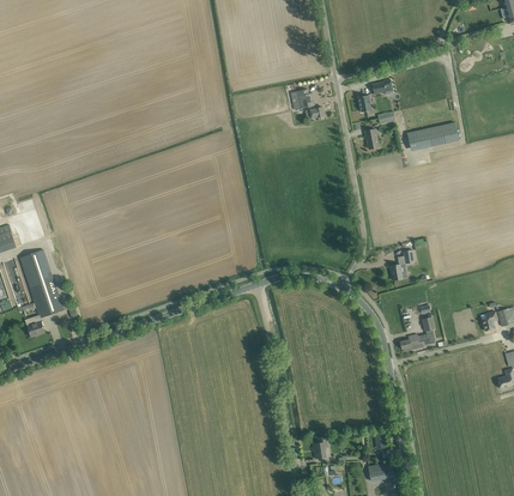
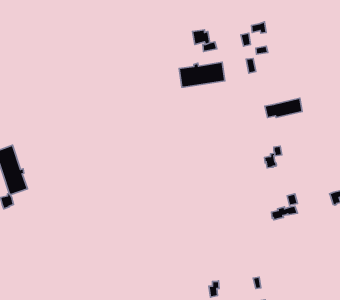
building: [407,121,459,147] -> [265,98,302,117]
building: none -> [179,62,225,87]

